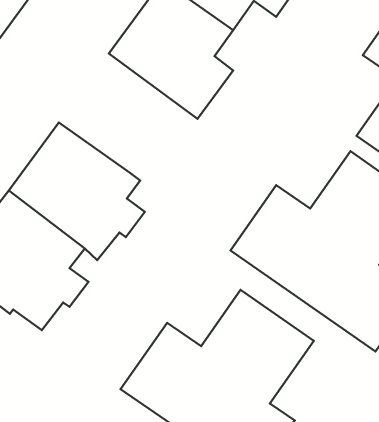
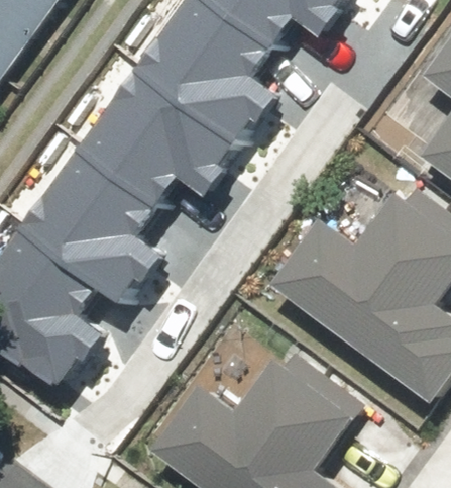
building: none -> [80,70,236,204]

